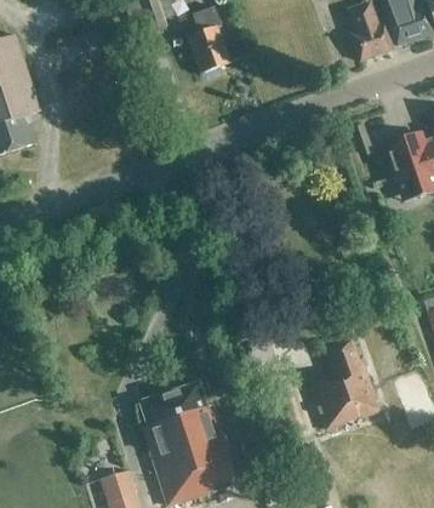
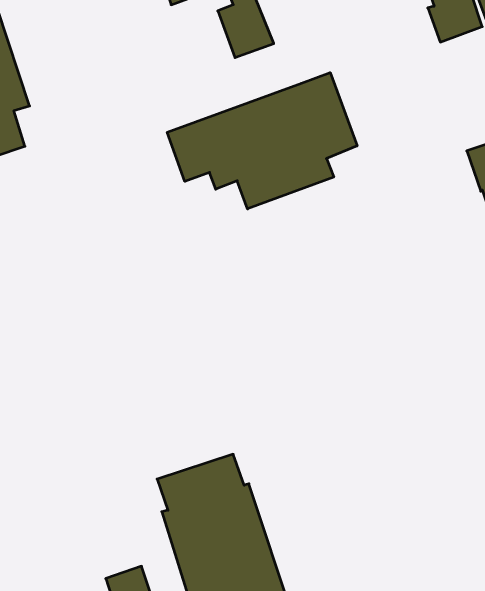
building: none -> [167,73,357,209]
building: [309,339,381,428] -> none

